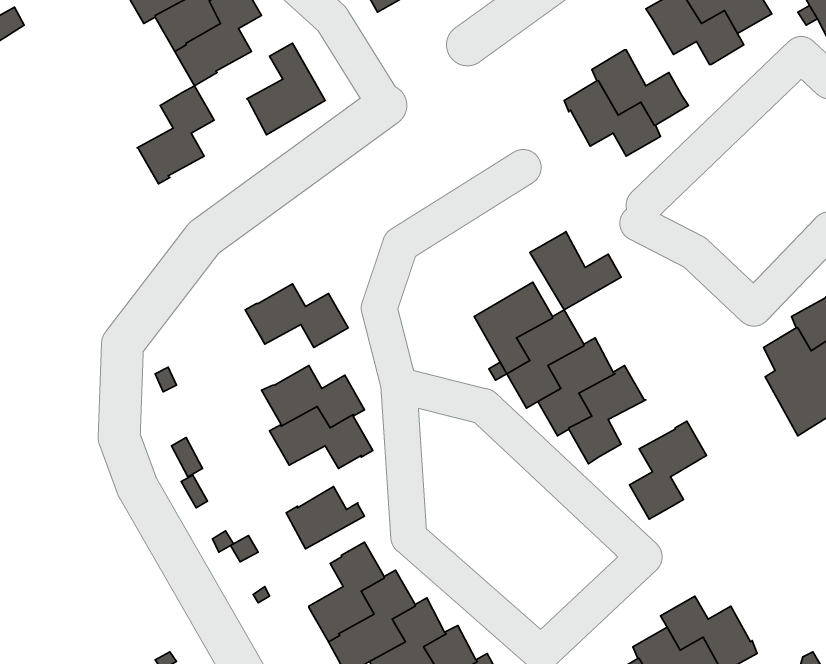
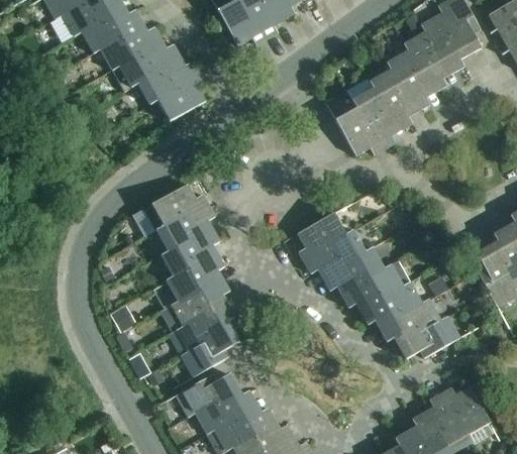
building: none -> [386,49,446,97]
building: [137,86,214,184] -> [137,43,185,104]
building: [530,231,621,310] -> [334,106,391,154]
building: none -> [144,184,207,229]
building: none -> [161,238,224,277]
building: none -> [374,280,421,341]
building: none -> [169,313,239,354]
building: none -> [418,319,452,357]
building: none -> [175,373,216,416]
building: none -> [433,385,489,434]

